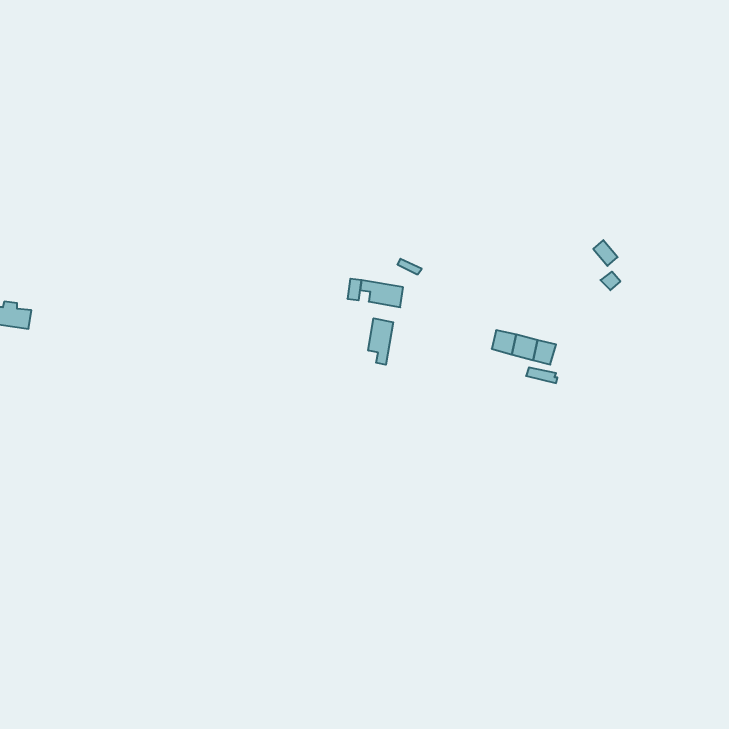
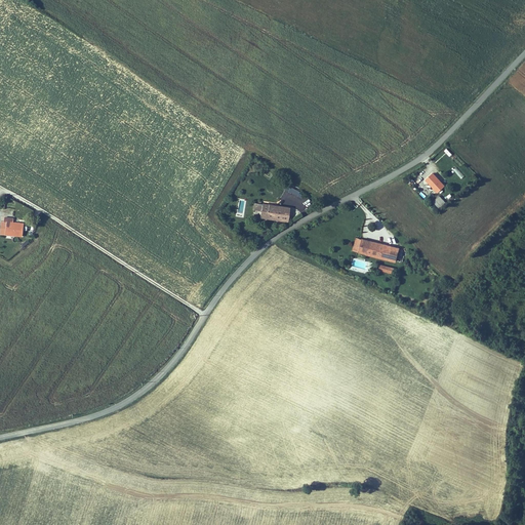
building: [368,318,393,365] -> none

